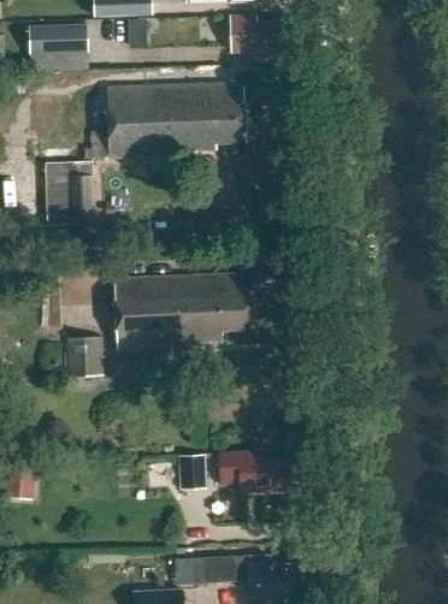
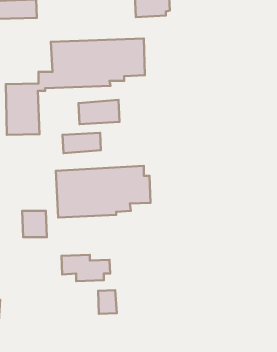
building: none -> [78,100,120,124]
building: none -> [63,133,101,153]
building: [222,451,294,490] -> [61,255,110,281]

